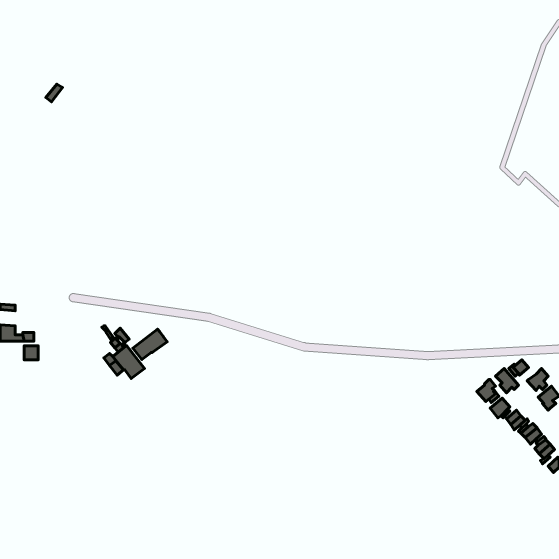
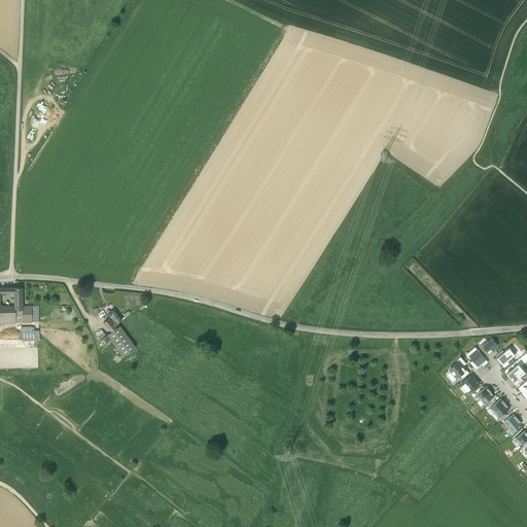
building: [133,329,167,360] -> none

